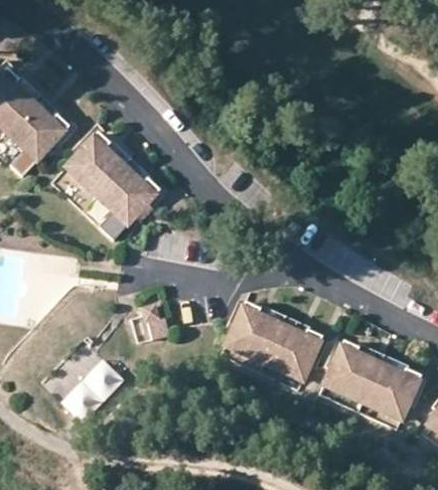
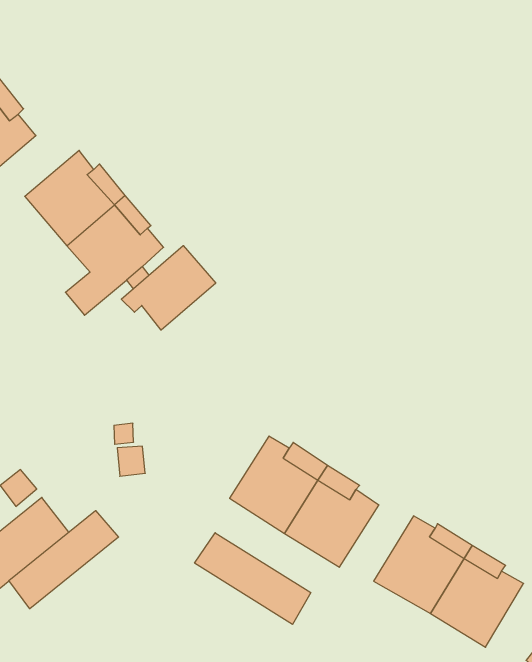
building: none -> [121,246,216,330]
building: none -> [9,511,119,609]
building: none -> [195,533,311,624]

